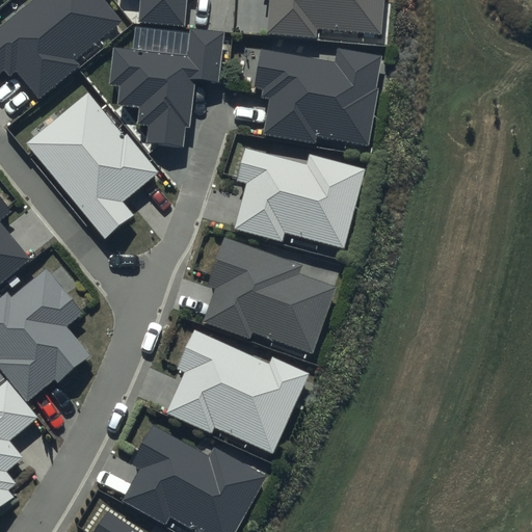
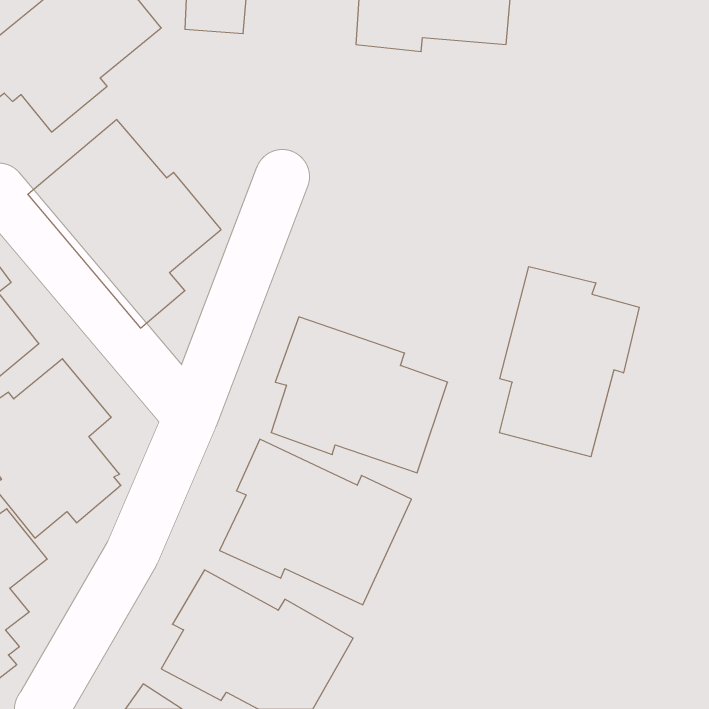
building: [107,26,224,148] -> none
building: [254,47,380,145] -> none
building: [233,147,366,246] -> none
building: none -> [500,267,639,457]

